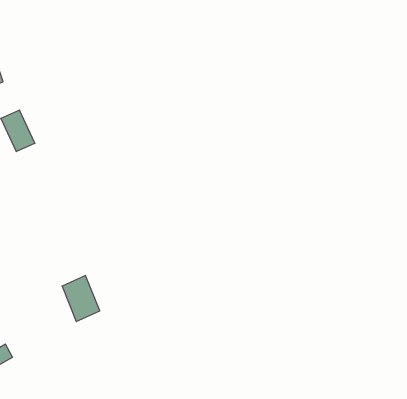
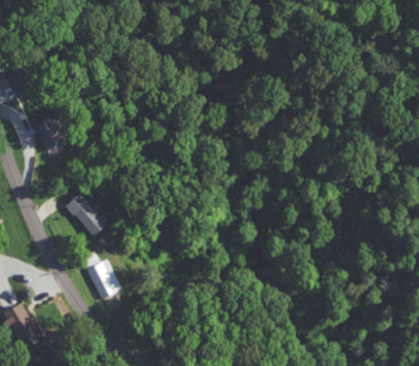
building: none -> [65,191,108,235]

